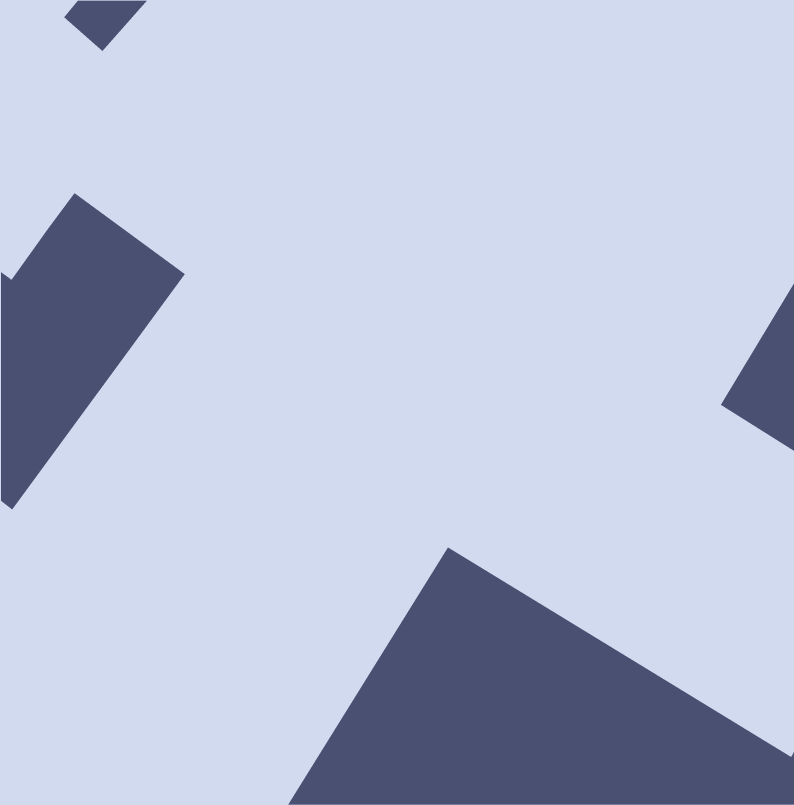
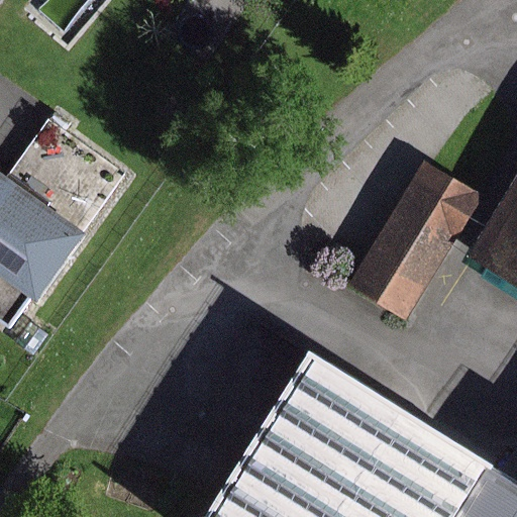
building: none -> [349,162,485,323]

